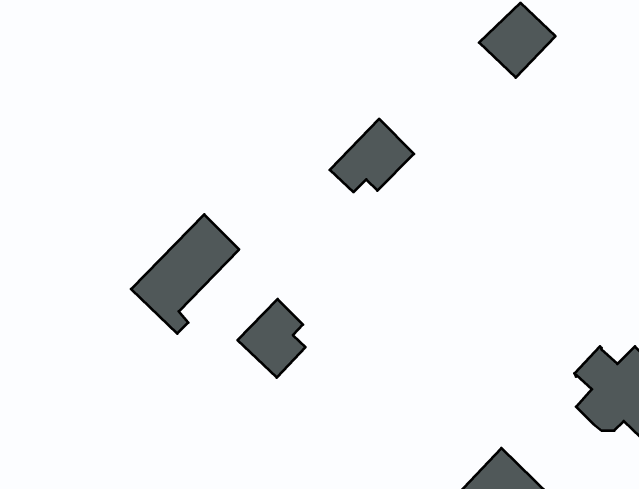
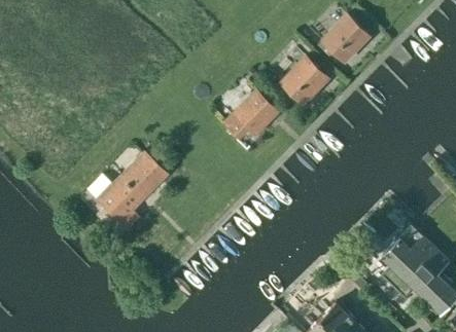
building: none -> [281,57,330,106]
building: [238,299,305,378] -> none

